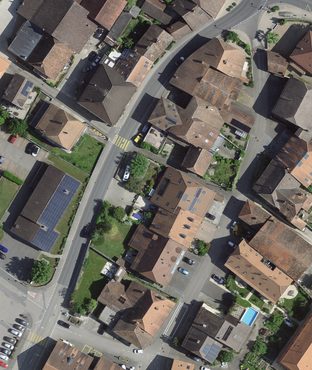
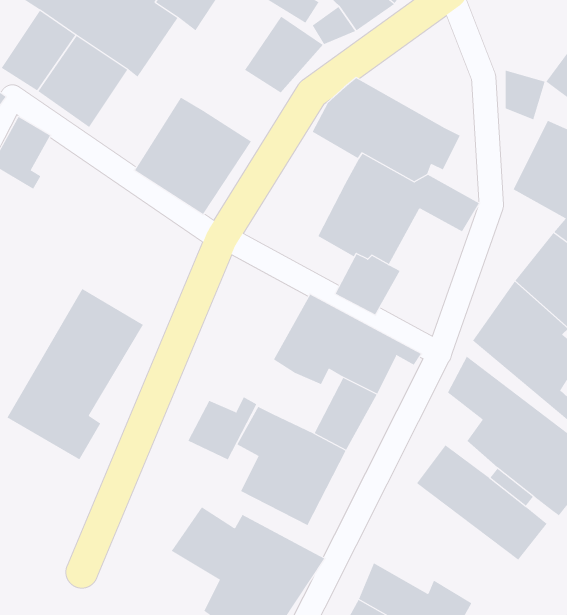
building: [191,37,246,80] -> none
building: [112,48,152,87] -> none
building: [145,96,185,136] -> none
building: [29,98,86,149] -> none
building: [148,205,184,238] -> [188,396,257,460]

